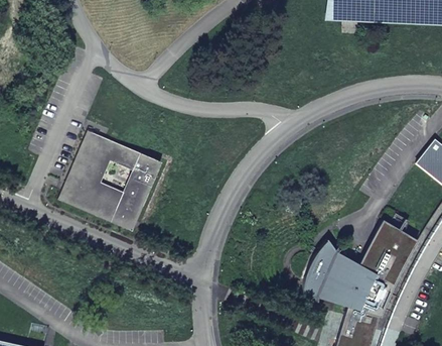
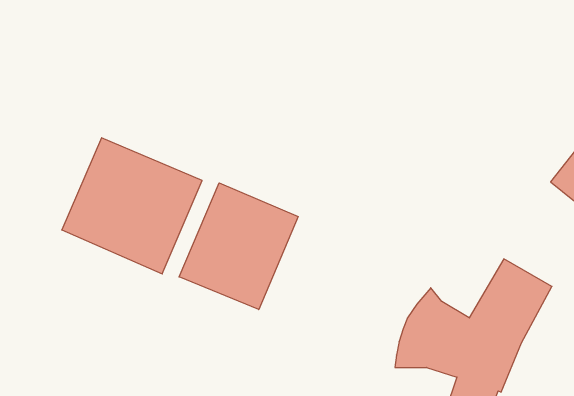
building: none -> [179,183,298,310]

